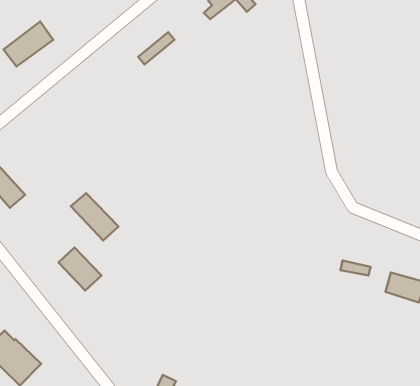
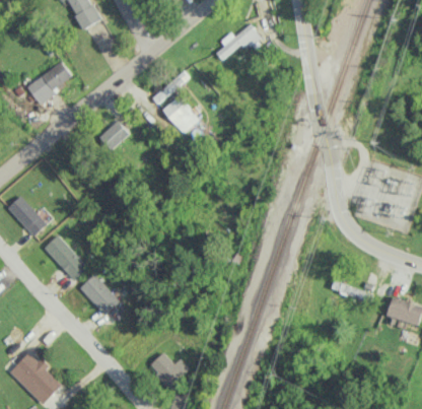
building: none -> [162,95,200,134]
building: none -> [99,121,130,150]
building: [71,193,118,241] -> [44,235,88,280]
building: none -> [149,352,190,388]

